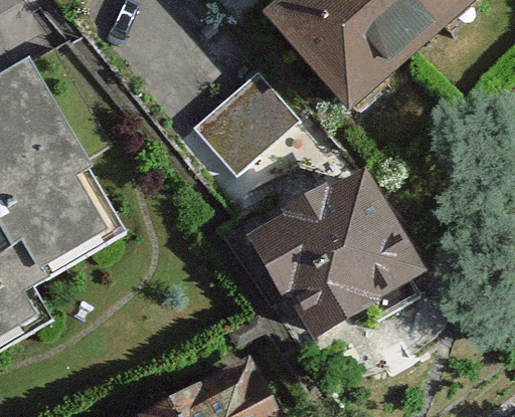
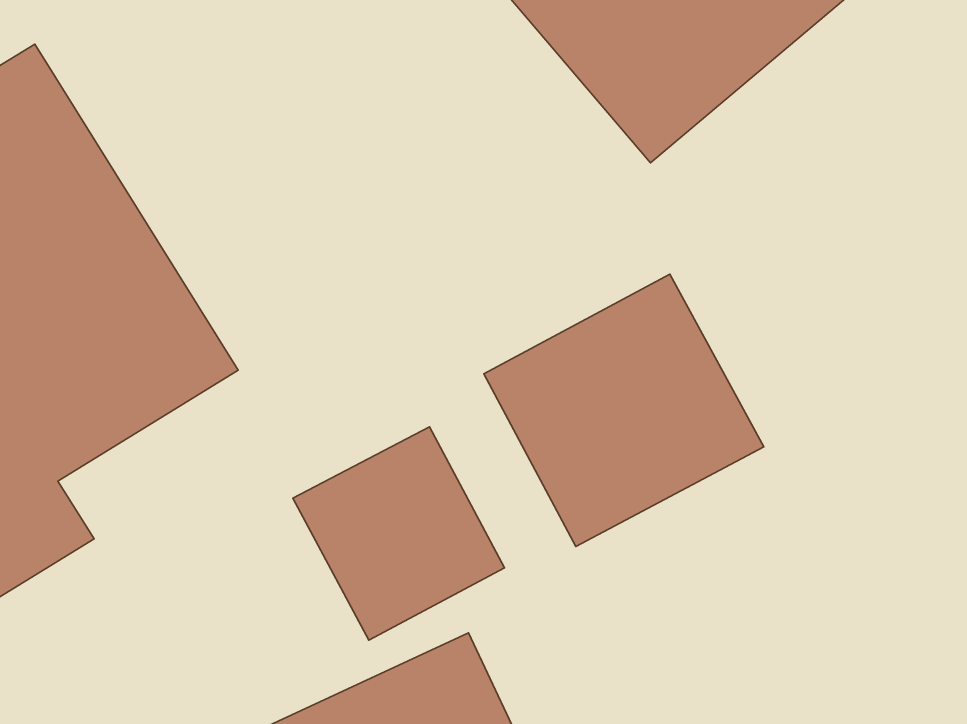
building: [188,62,304,176] -> none
building: none -> [293,427,504,640]

